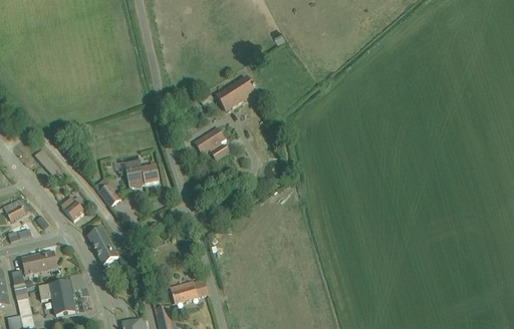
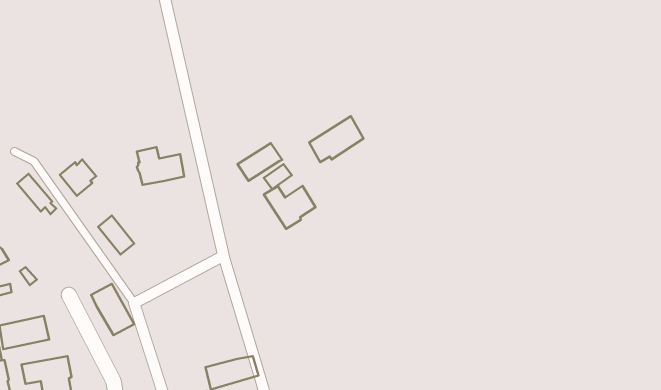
building: [216,76,255,109] -> [309,116,363,162]
building: none -> [264,186,316,229]
building: [124,160,159,188] -> [137,147,184,185]
building: [61,196,87,222] -> [60,159,96,196]

